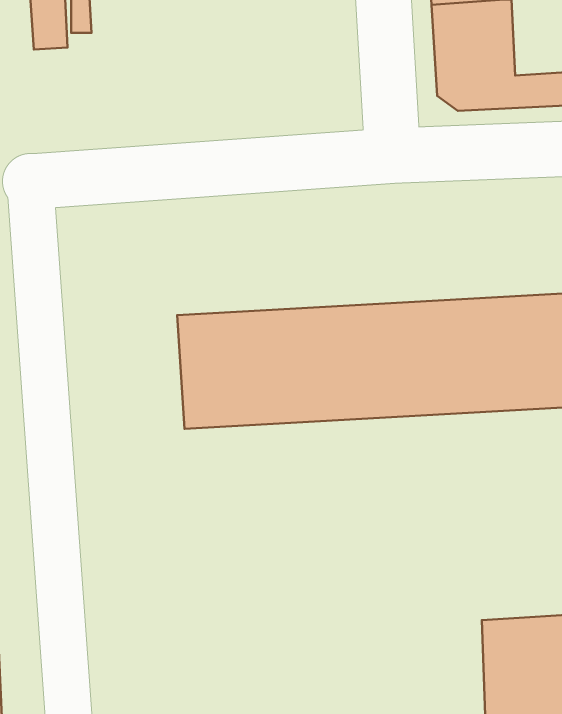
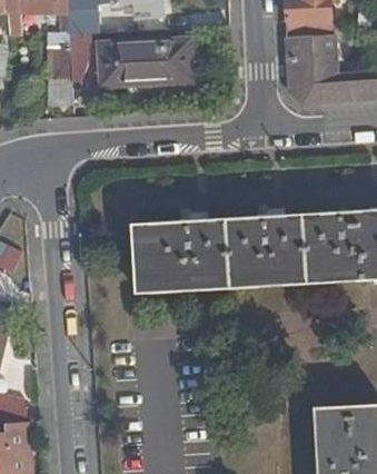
building: none -> [101,46,185,80]

